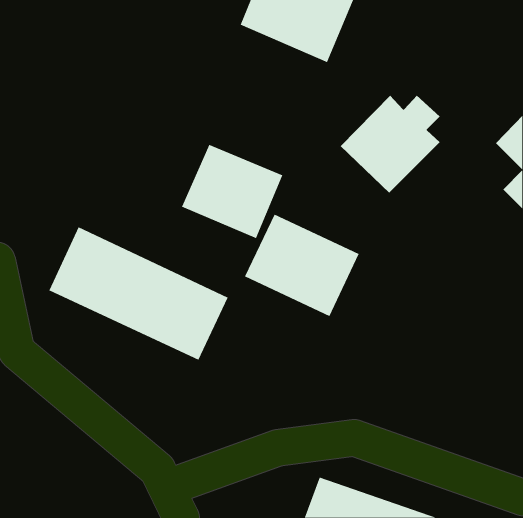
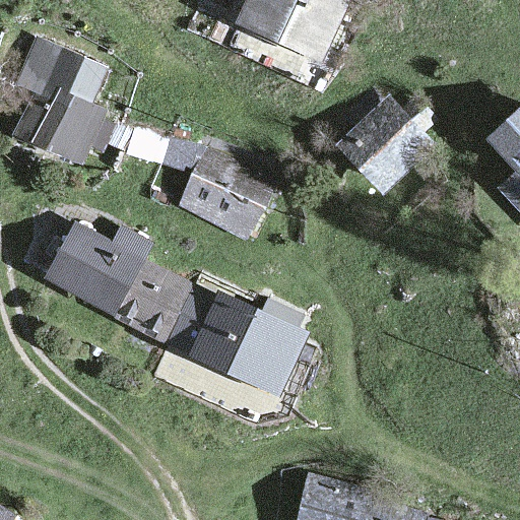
building: none -> [8,34,114,170]
building: [244,214,360,317] -> [196,294,310,395]

